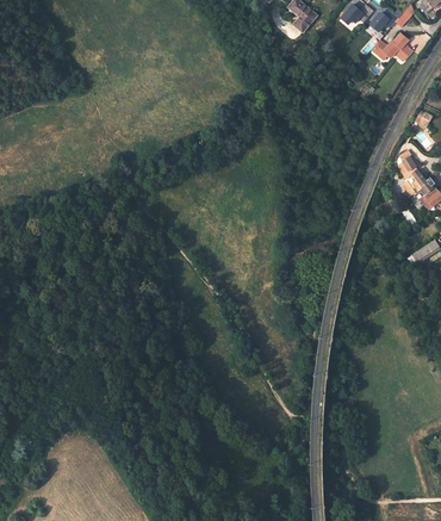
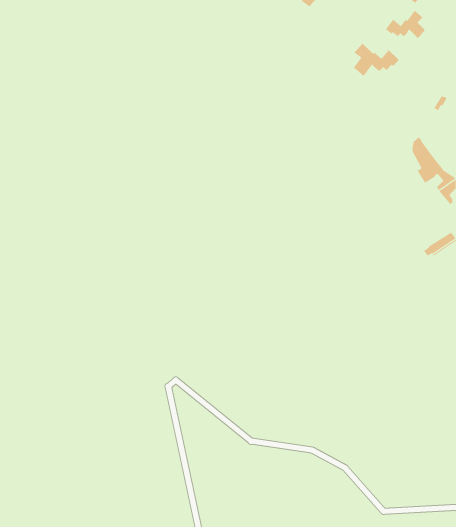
building: none -> [353,43,400,77]

